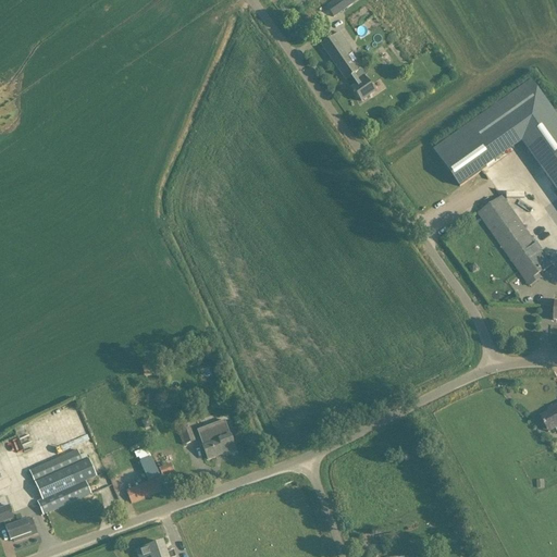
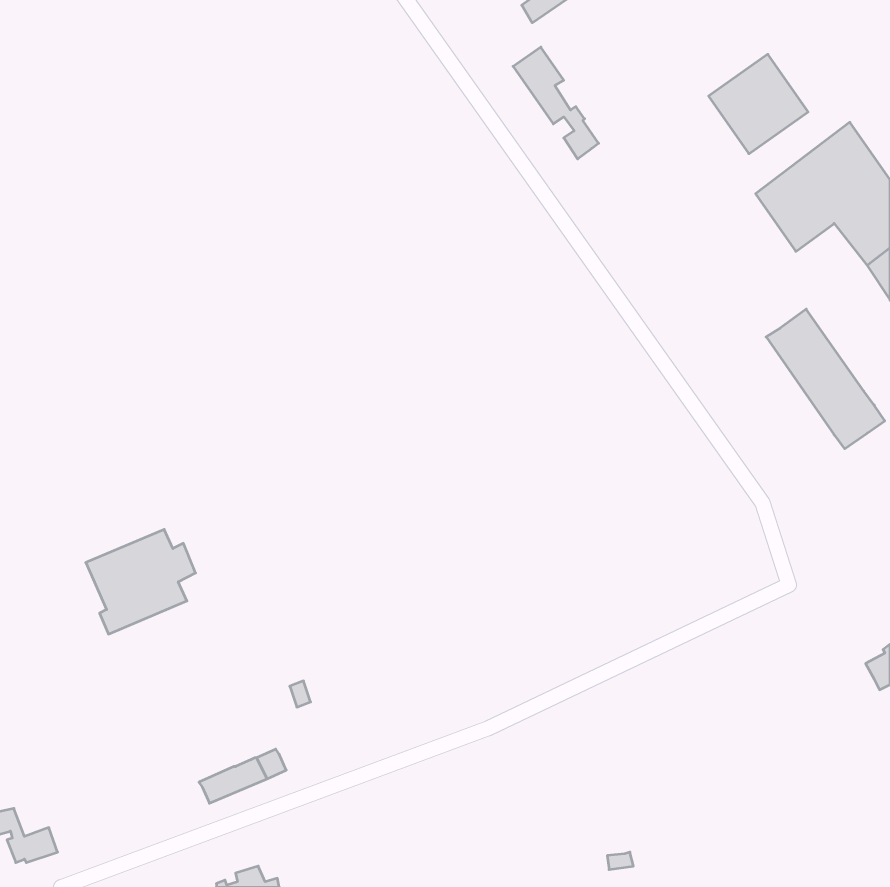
building: [434,121,496,183] -> [709,54,808,154]
building: [200,418,234,457] -> none
building: [27,447,96,512] -> [86,529,196,634]

